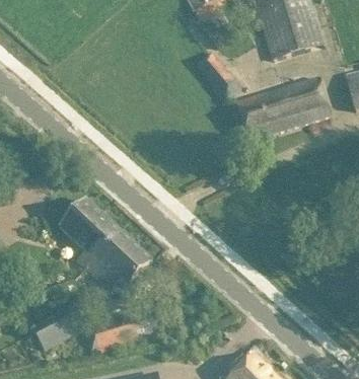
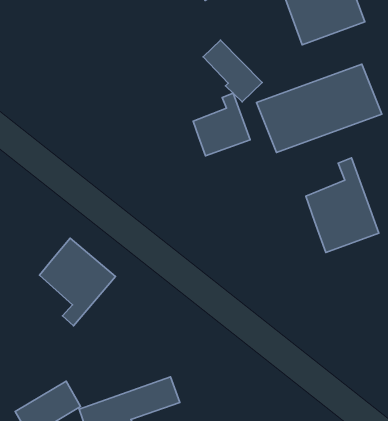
building: none -> [193,93,250,156]
building: none -> [306,158,379,252]
building: [81,229,149,291] -> none

